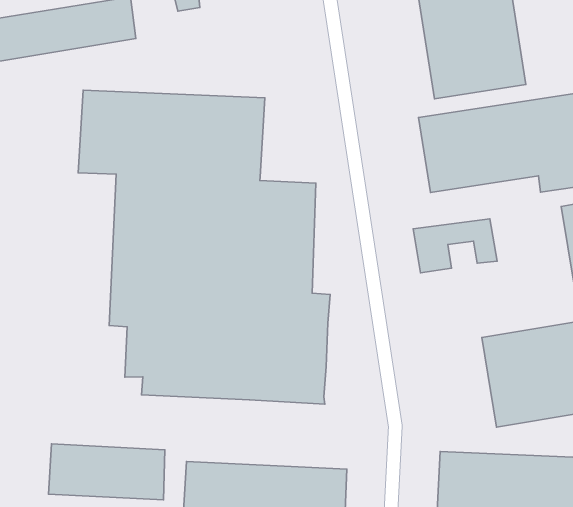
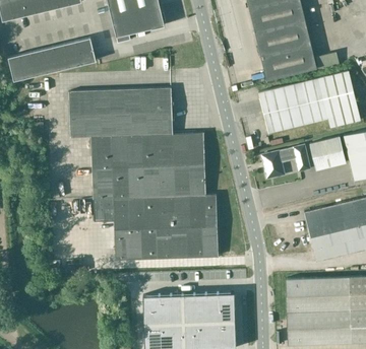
building: none -> [309,136,346,169]
building: [49,444,165,500] -> none

